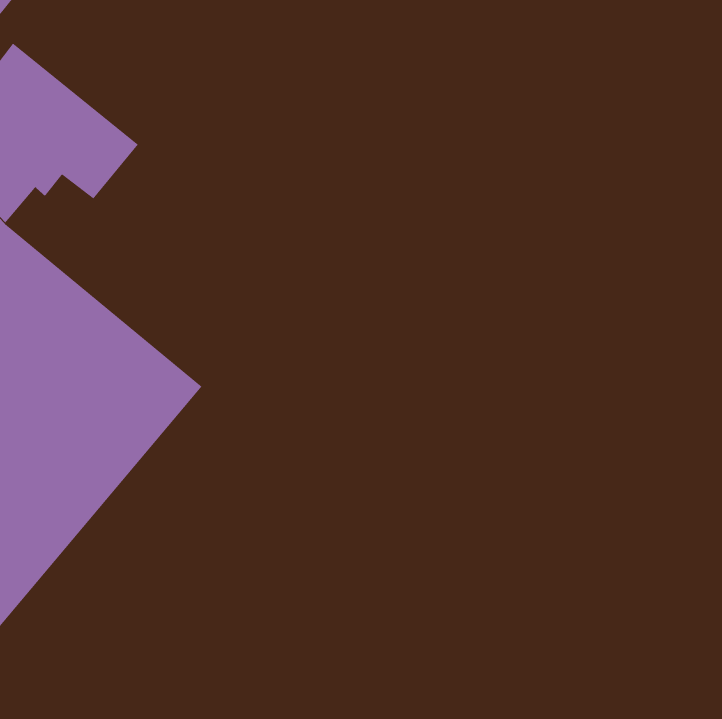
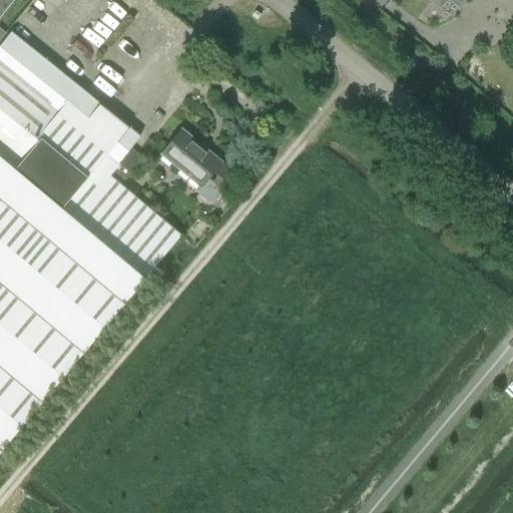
building: none -> [4,102,178,274]
building: none -> [159,126,232,198]

